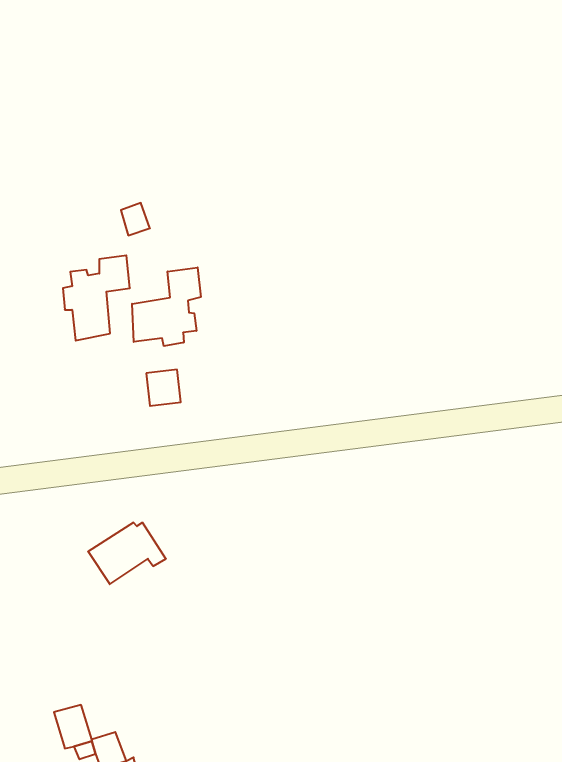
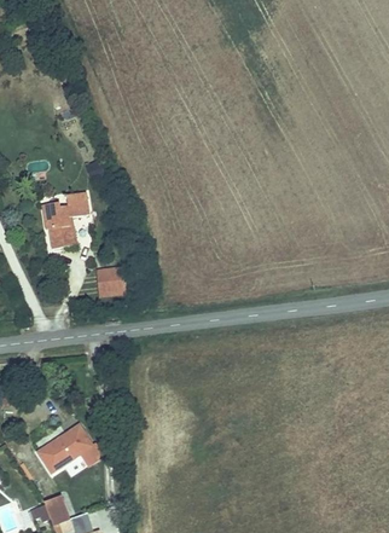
building: [132,267,201,346] -> none
building: [88,523,166,584] -> [34,427,86,468]

